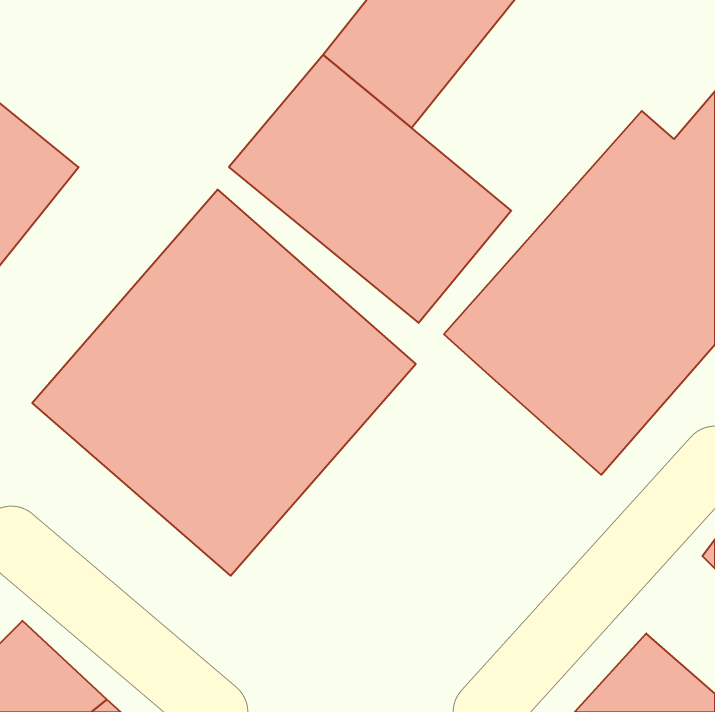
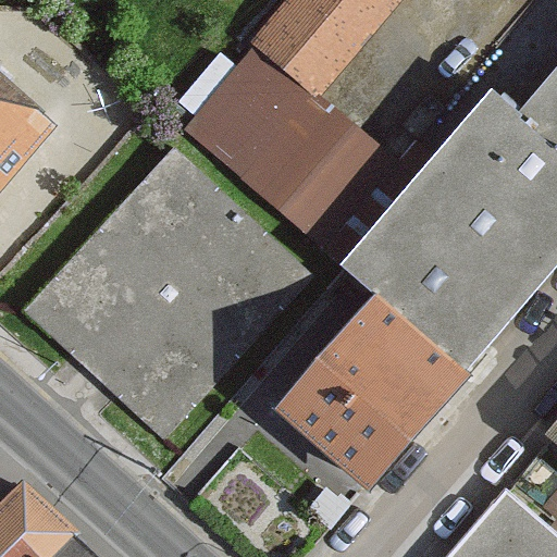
building: none -> [273,290,466,486]

